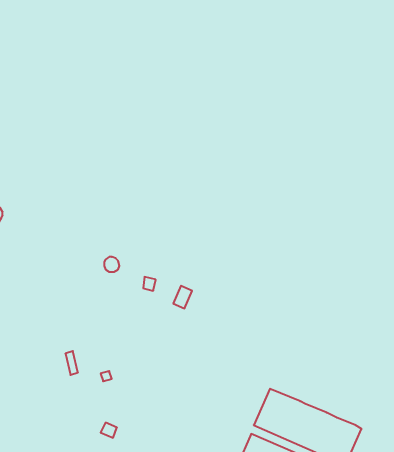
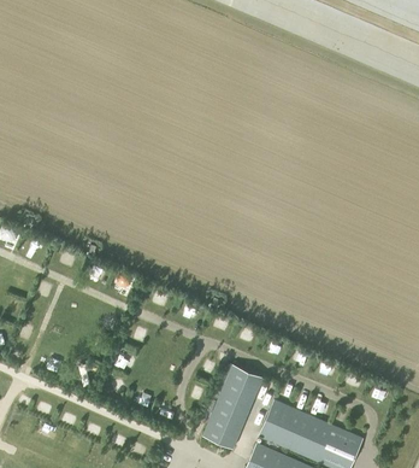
building: none -> [203,369,261,447]

